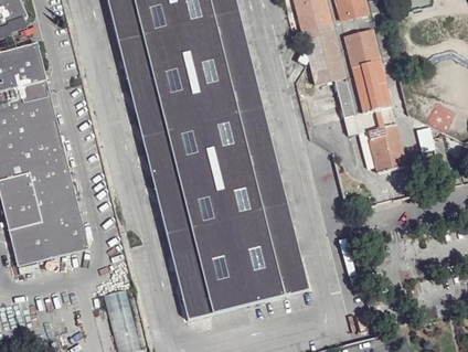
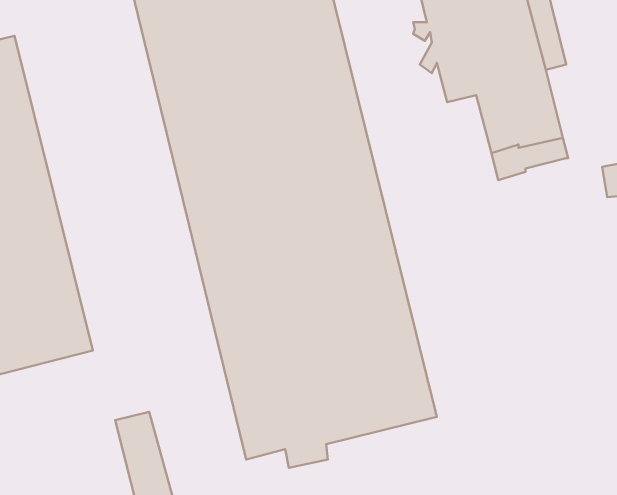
building: [366,121,405,172] -> none

